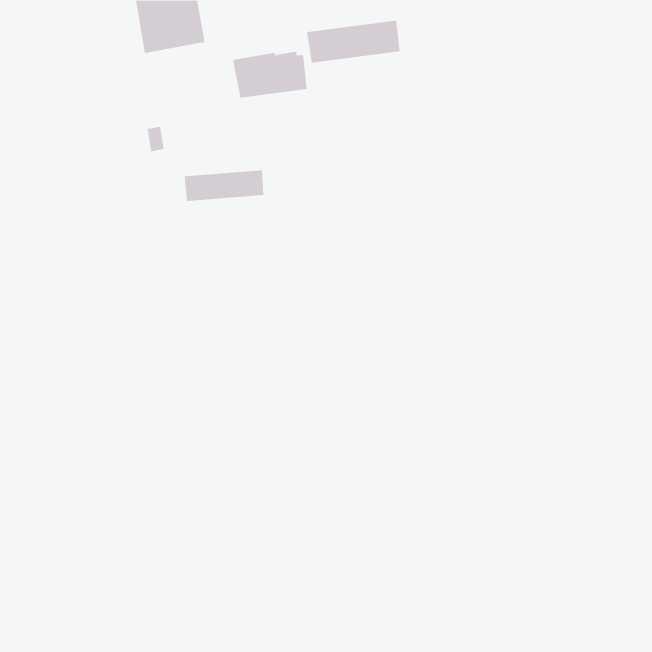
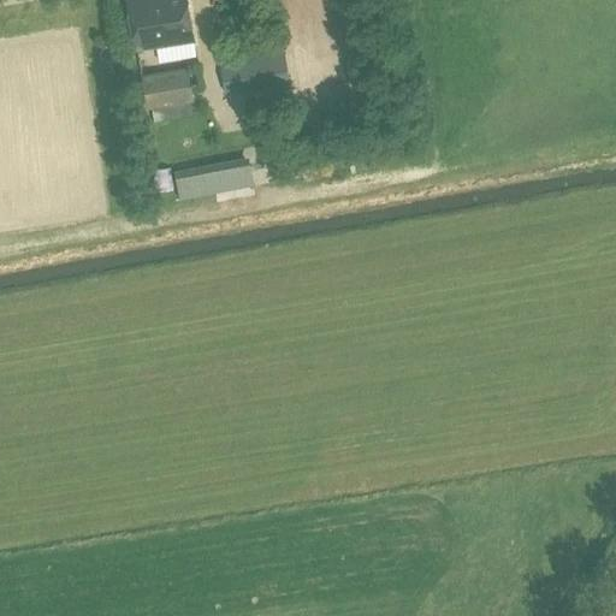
building: [306,20,400,63] -> none
building: none -> [142,67,195,109]

